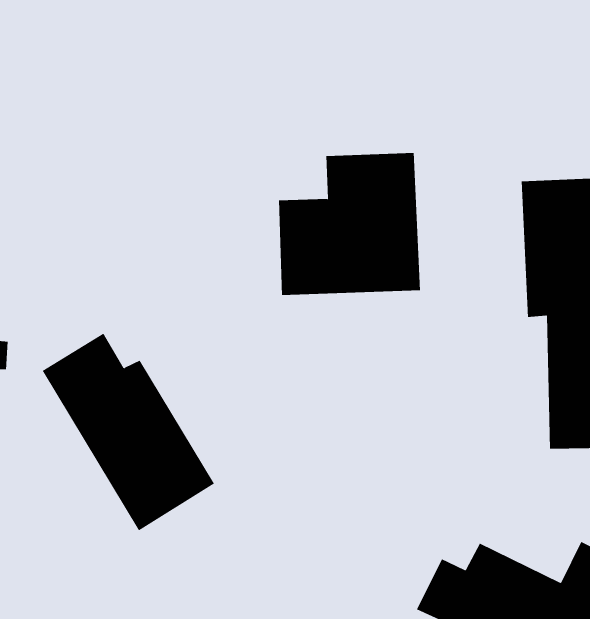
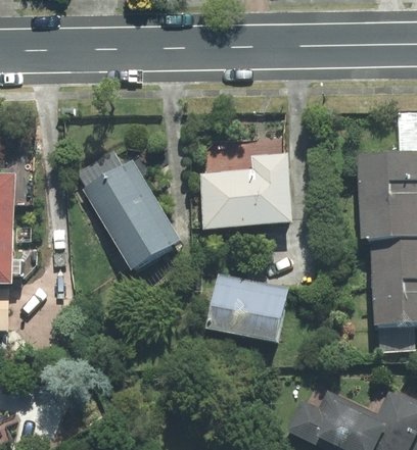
building: [42,333,215,531] -> [71,144,182,271]
building: none -> [207,272,289,346]

